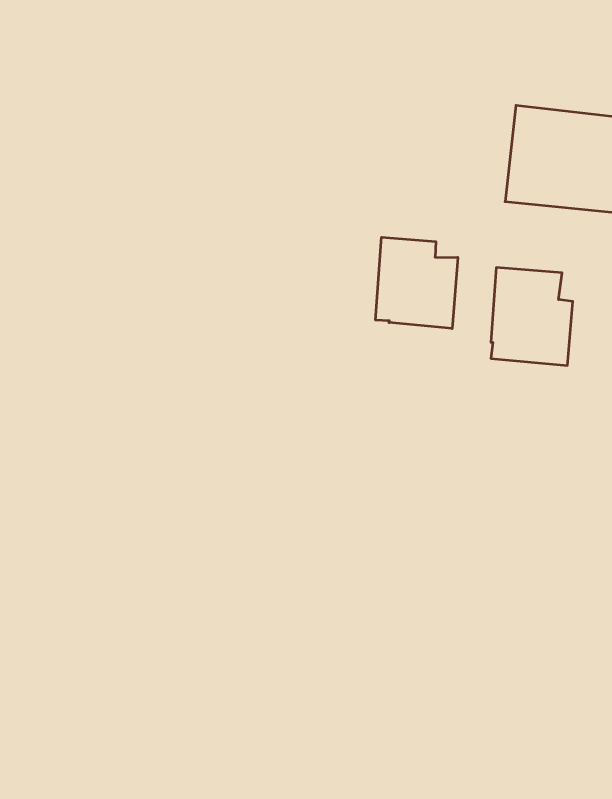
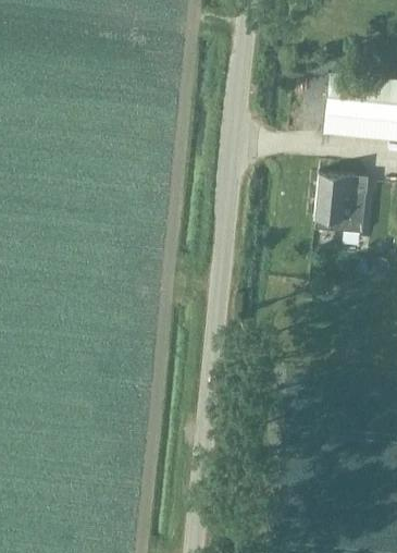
building: [376,237,458,329] -> none

